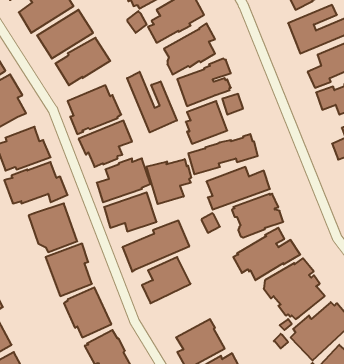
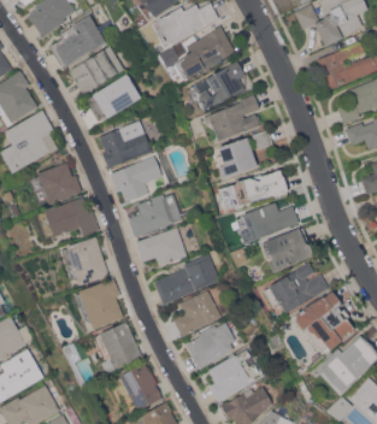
building: [127,72,177,132] -> none
building: [147,159,191,204] -> none
building: none -> [184,323,235,370]

